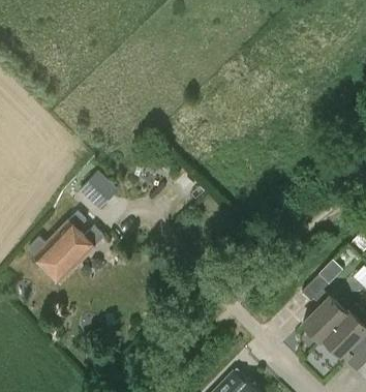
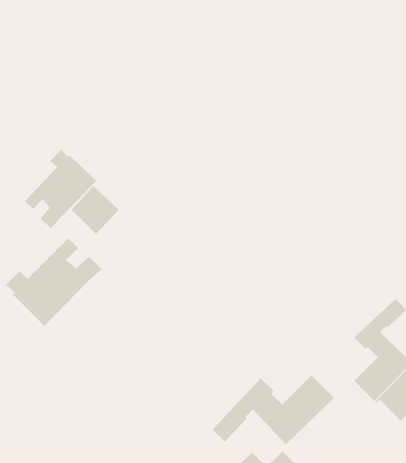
building: none -> [24,149,97,229]
building: none -> [212,375,335,445]

